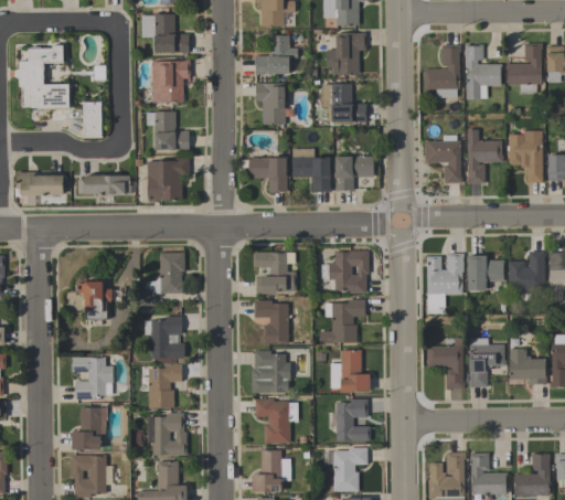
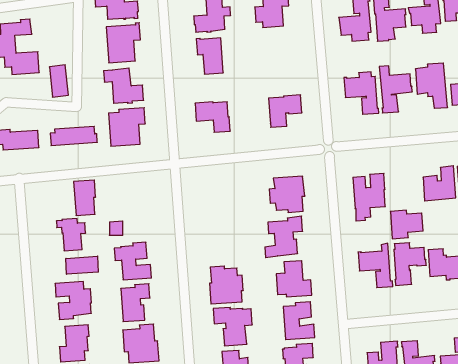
building: [323,85,367,124] -> none
building: [291,149,332,193] -> none
building: [254,252,297,292] -> none
building: [160,253,184,292] -> [74,180,96,215]
building: [468,257,504,289] -> [390,210,423,239]
building: [254,299,288,343] -> none
building: none -> [66,256,98,274]

